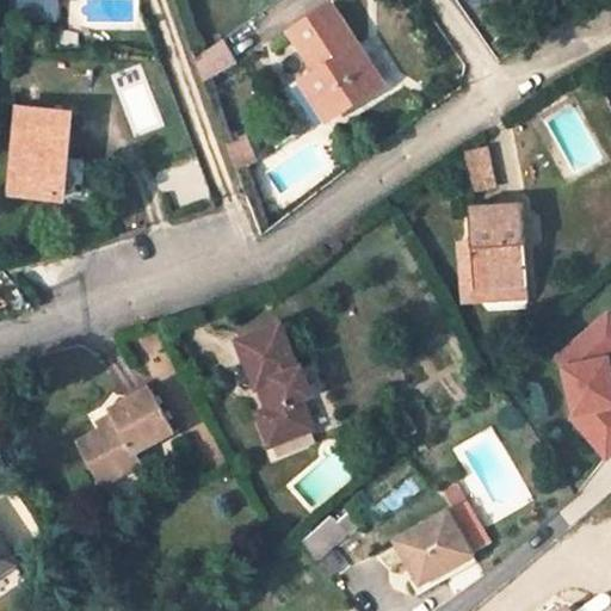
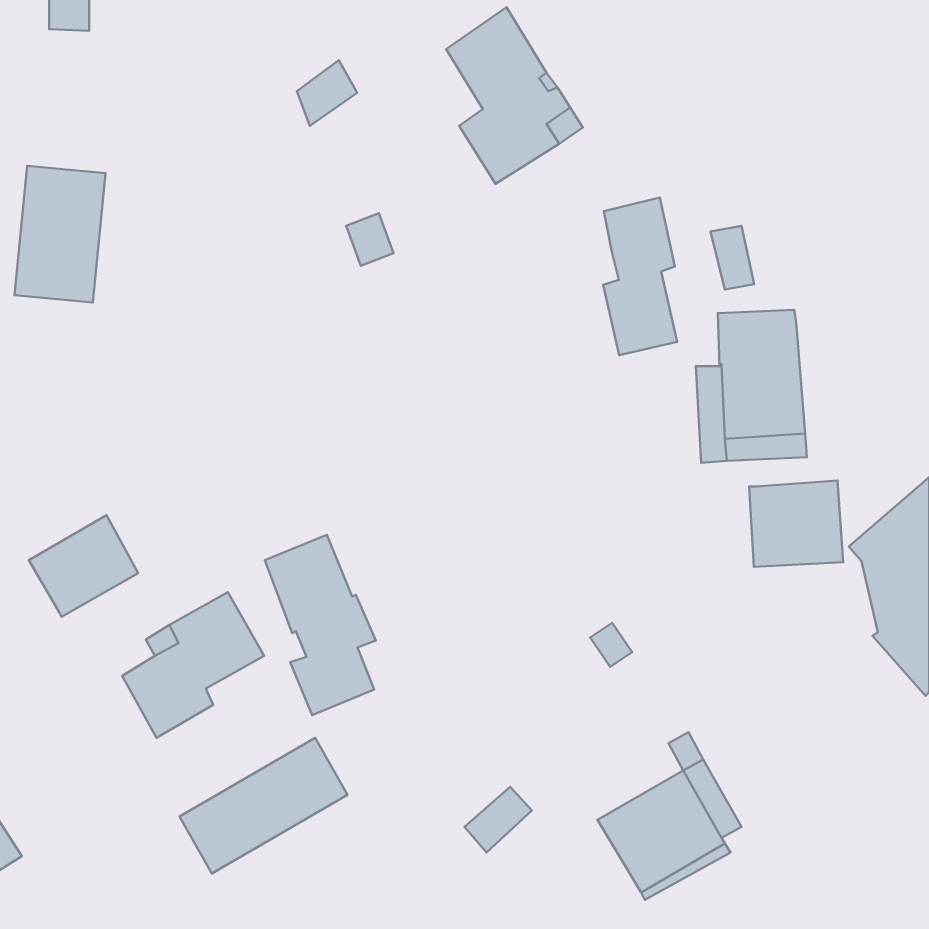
building: none -> [603,198,677,355]
building: none -> [749,481,843,567]
building: [240,325,313,443] -> [265,535,376,715]
building: none -> [29,515,138,617]
building: none -> [179,738,347,874]

